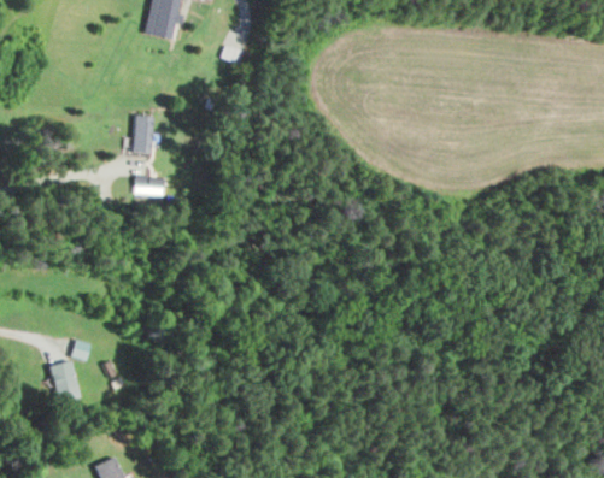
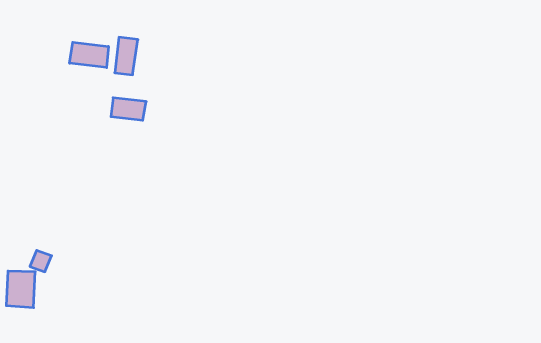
building: none -> [70,42,108,68]

